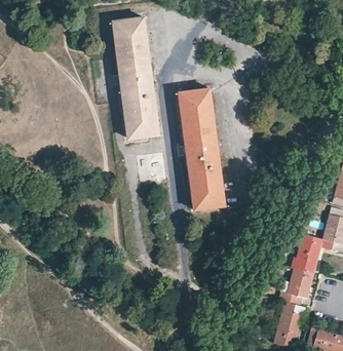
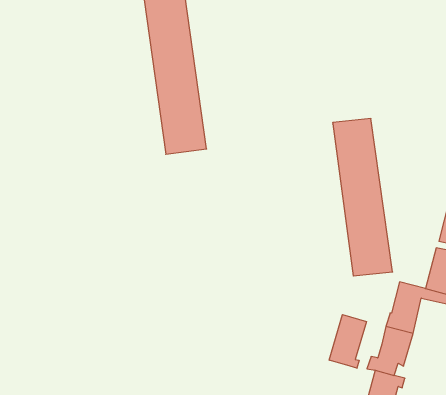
building: [179,89,224,208] -> [333,119,393,276]
building: none -> [329,315,366,368]

